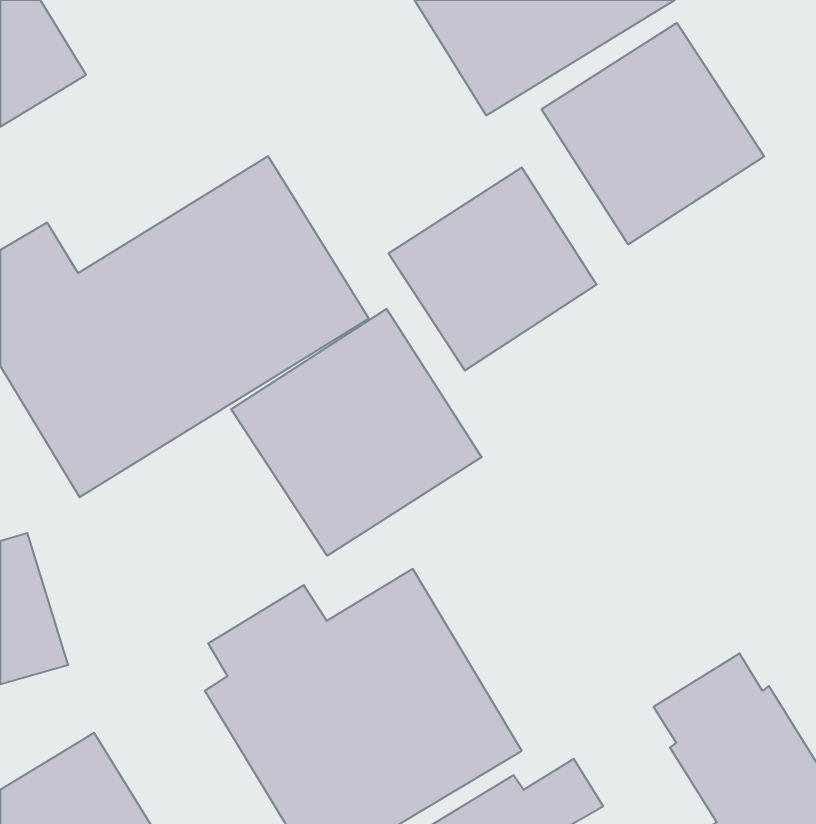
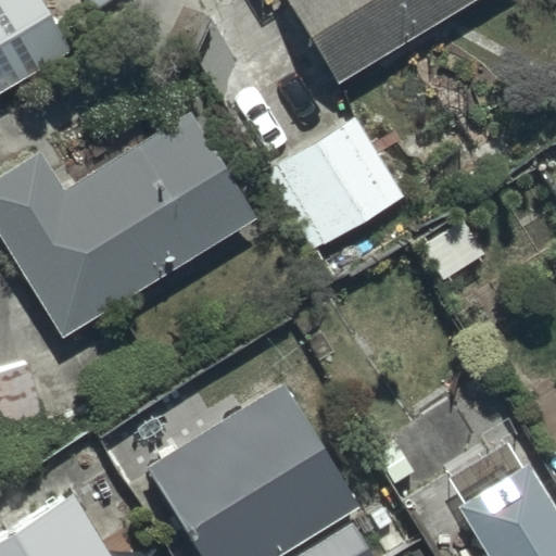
building: [542,23,764,244] -> none
building: [231,309,482,556] -> none

